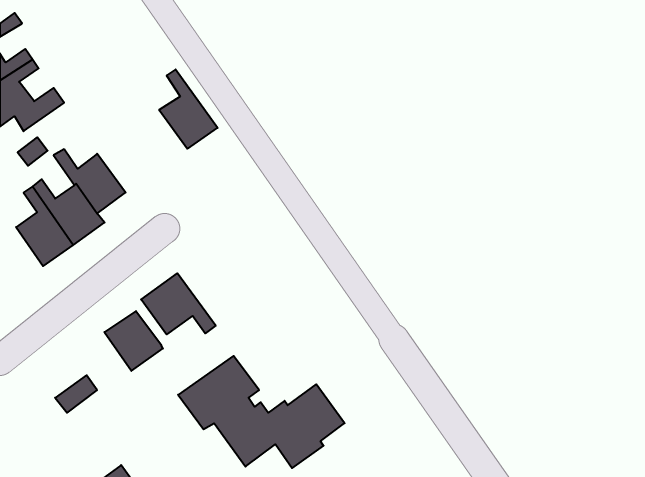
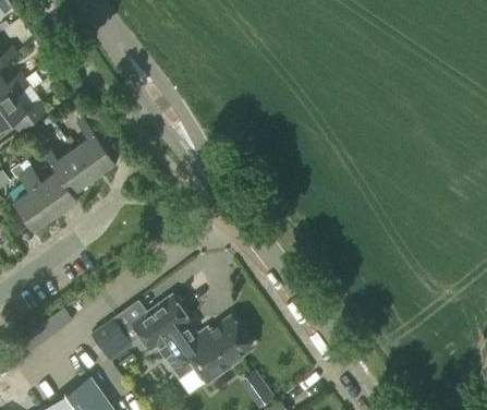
building: [159,69,218,149] -> [71,120,113,178]
building: [141,273,216,334] -> none
building: [104,311,163,371] -> [89,319,132,363]

